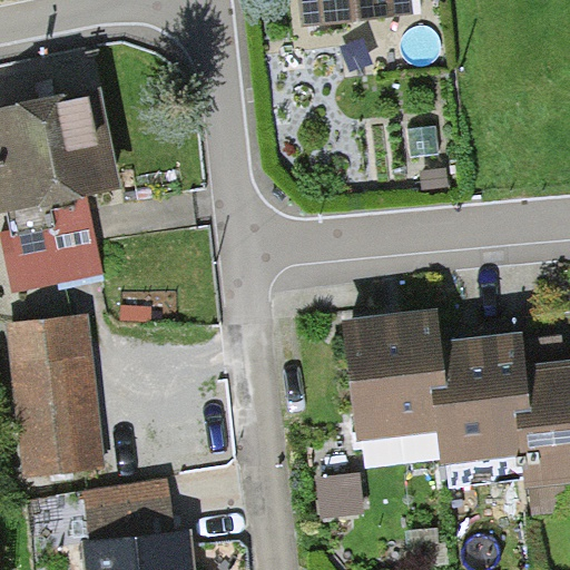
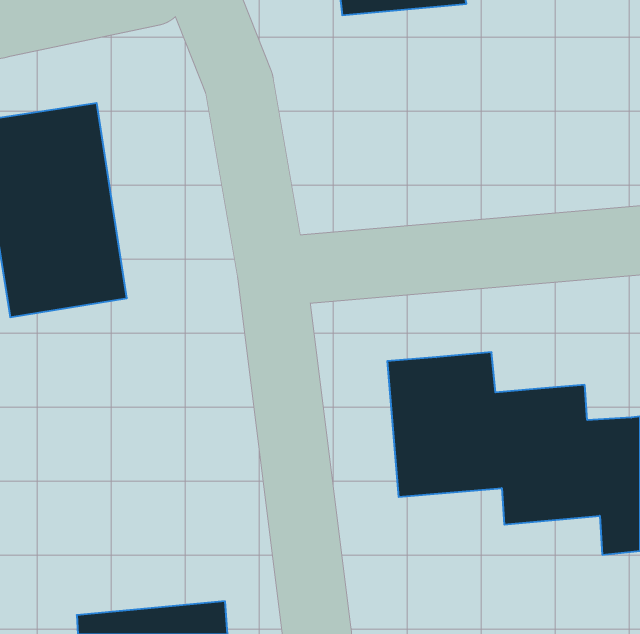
building: [8,317,105,466] -> none

